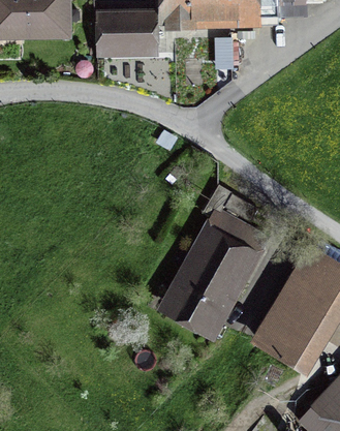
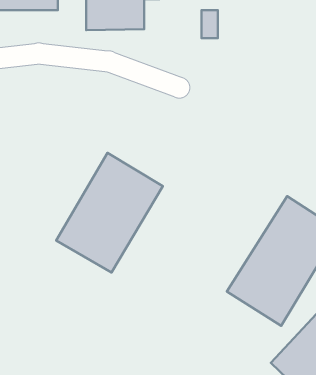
building: [158,204,268,327] -> [56,153,163,273]

